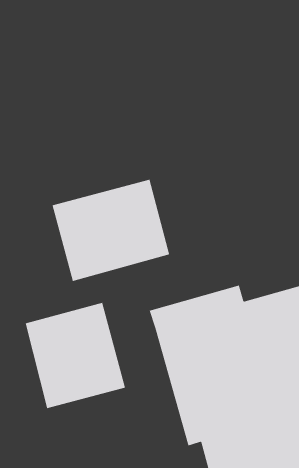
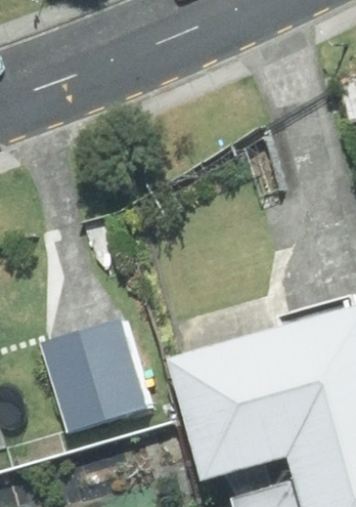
building: [52,179,170,282] -> none

